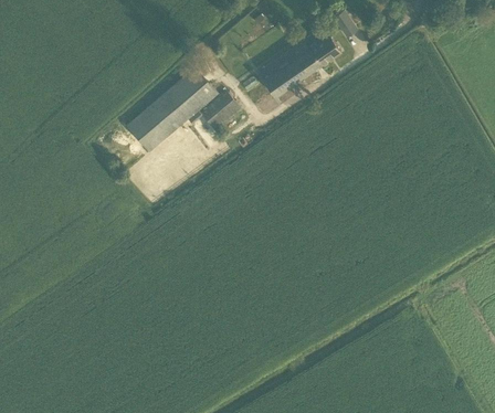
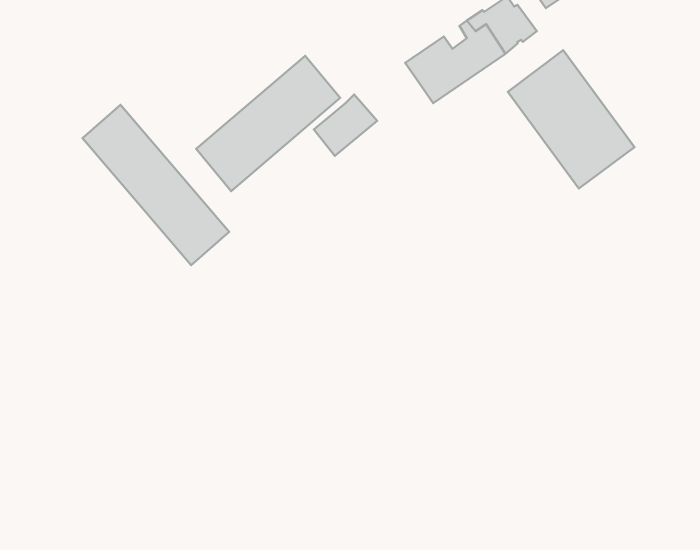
building: none -> [508,50,634,189]
building: none -> [82,105,229,265]

